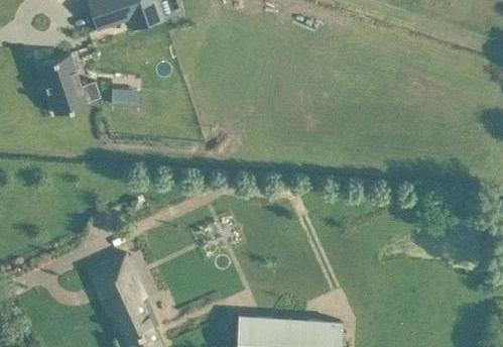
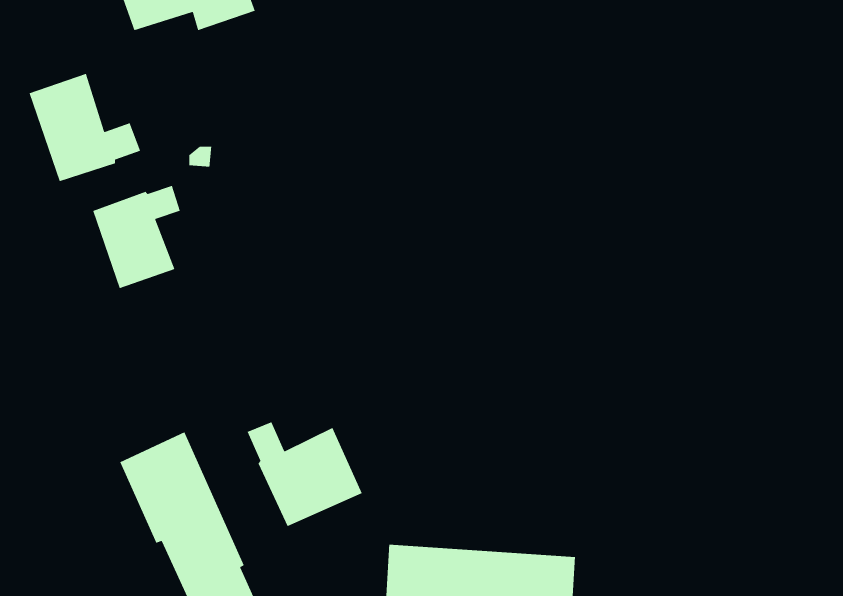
building: none -> [92,185,181,289]
building: none -> [247,421,363,527]

